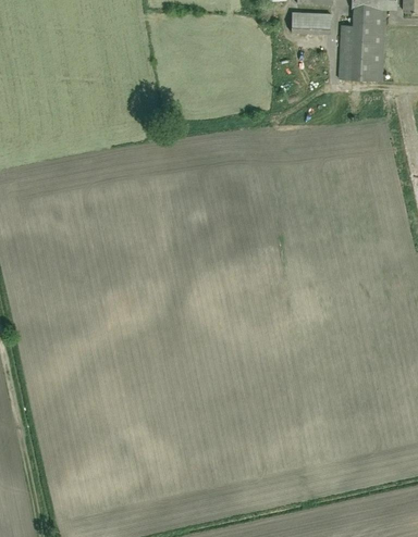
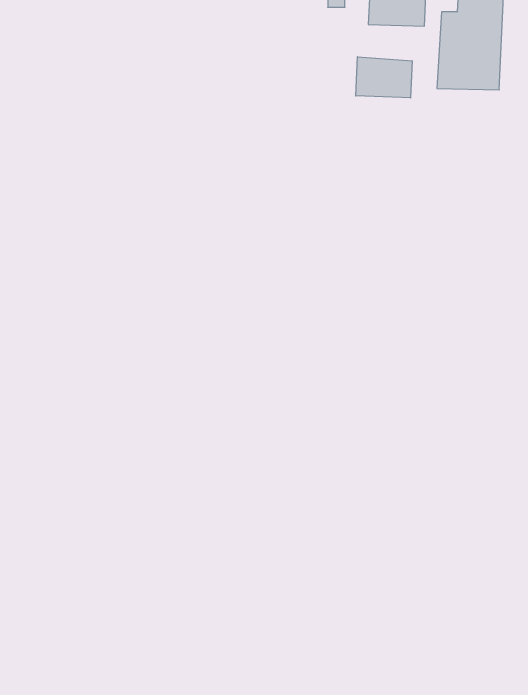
building: none -> [356,57,412,98]

